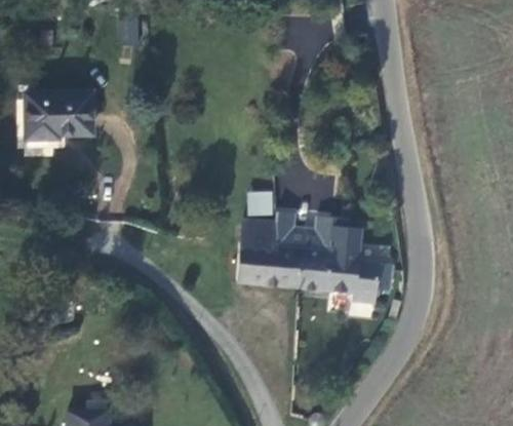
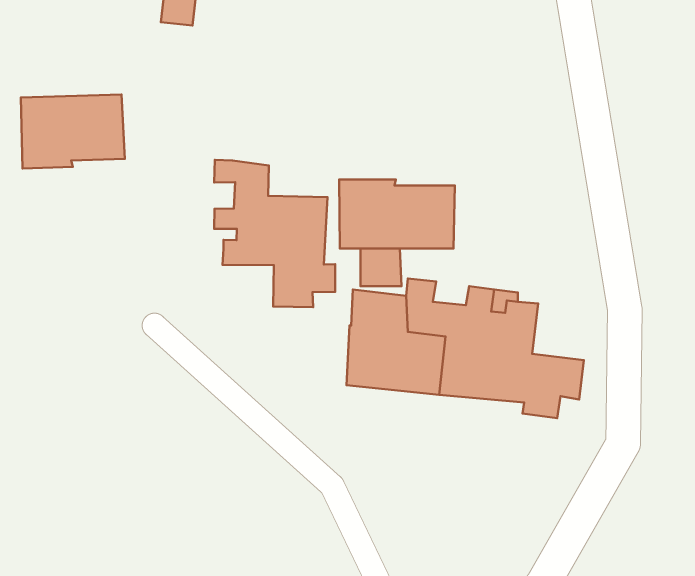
building: none -> [214,160,335,307]
building: none -> [339,179,455,249]

